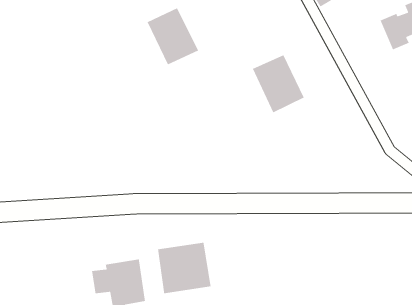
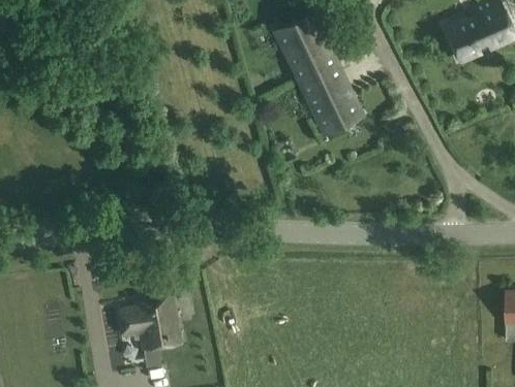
building: [146,7,199,66] -> [276,17,336,83]
building: [157,242,211,294] -> none

